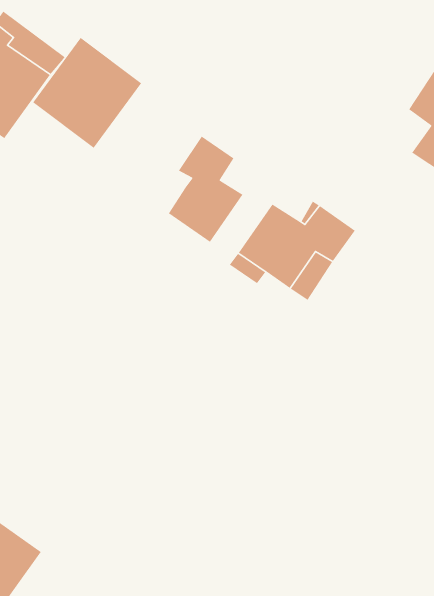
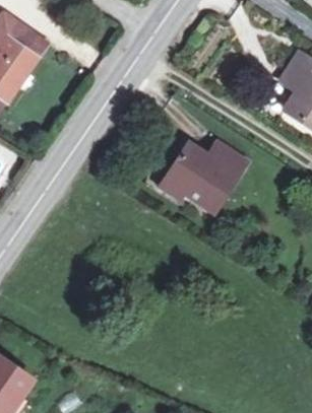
building: [32,37,142,149] -> none
building: [168,136,244,243] -> none

